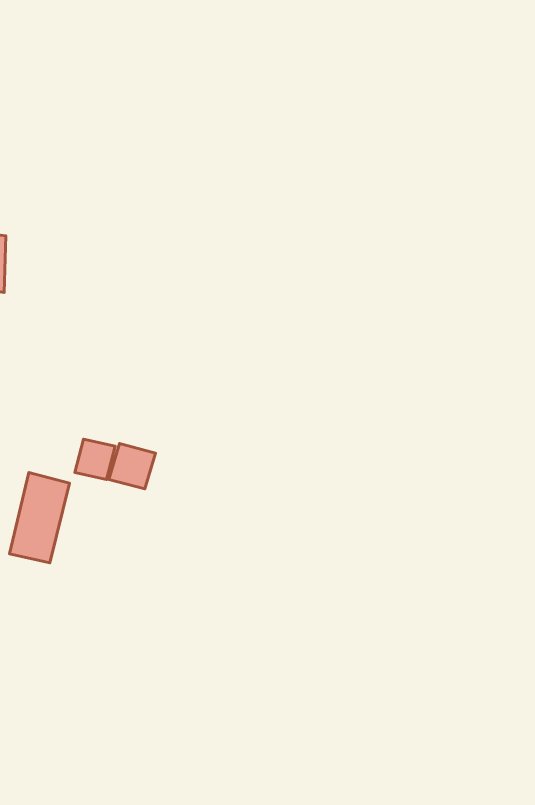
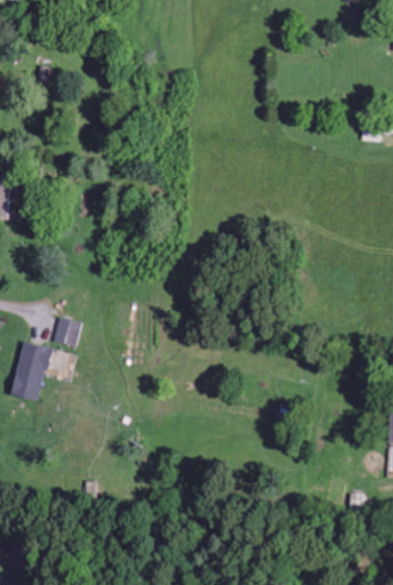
building: [109,444,156,489] -> none

